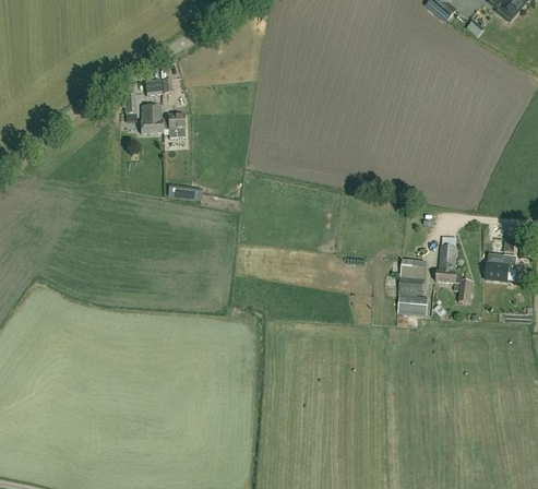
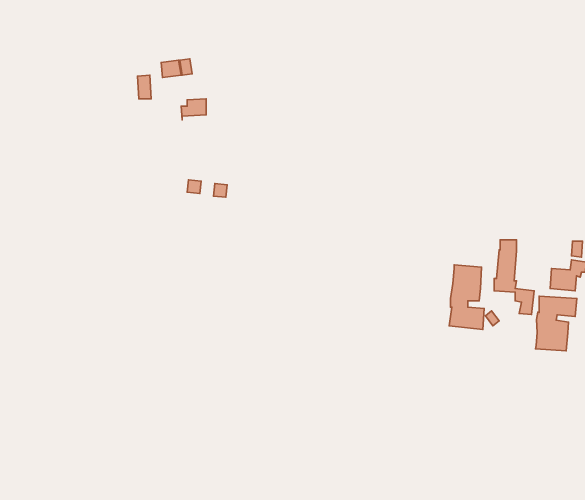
building: [141,105,164,133] -> none
building: none -> [536,296,577,351]

